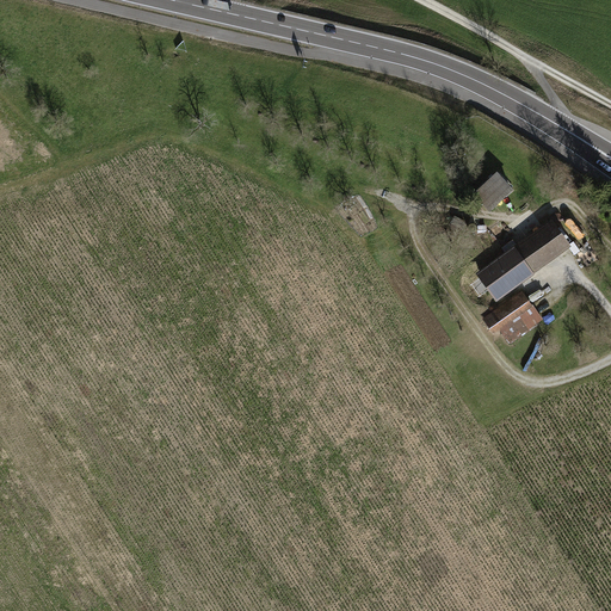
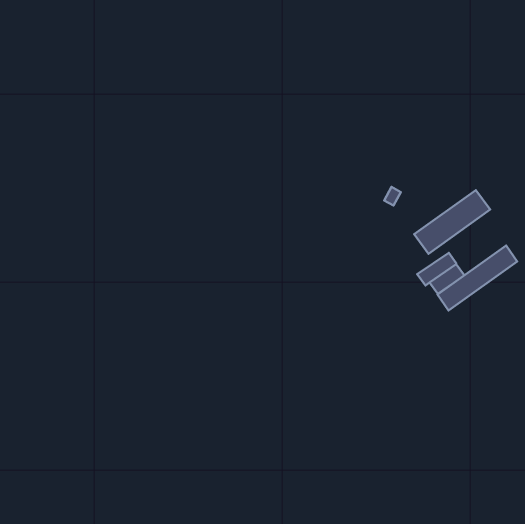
building: [468,175,511,210] -> none
building: none -> [437,245,517,311]

